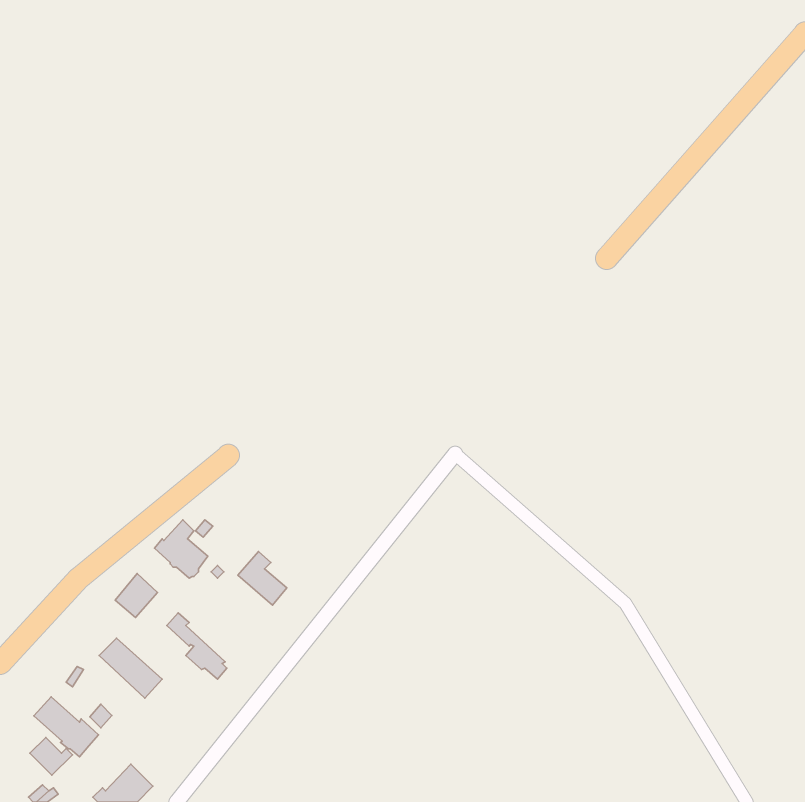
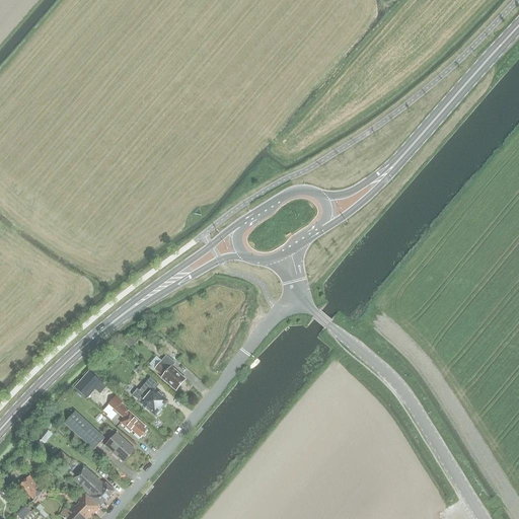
building: [154,520,208,578] -> [132,376,166,414]
building: none -> [105,432,135,460]
building: [34,697,98,757] -> [71,465,113,504]

